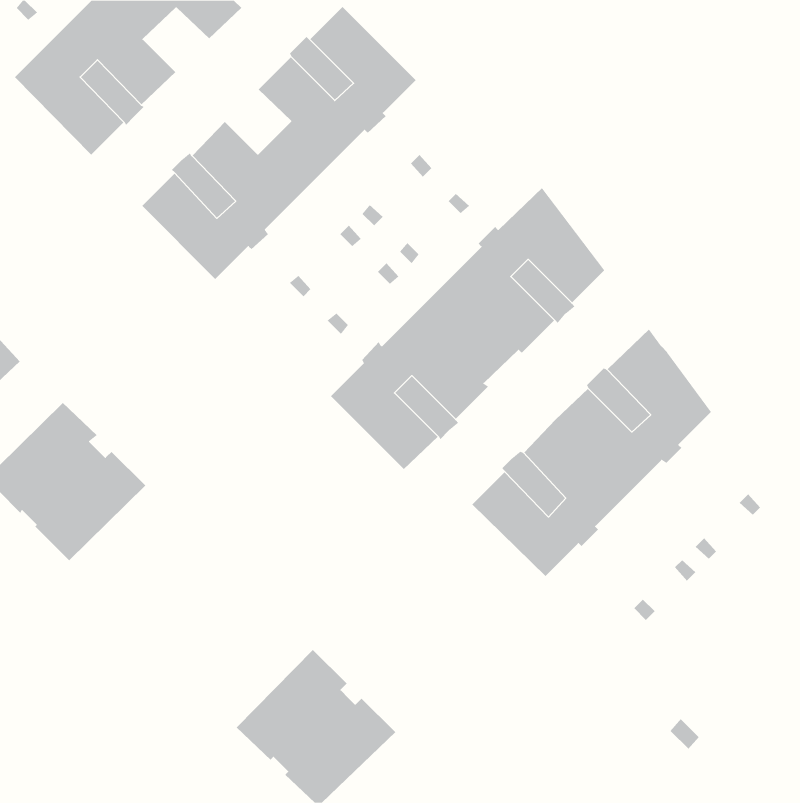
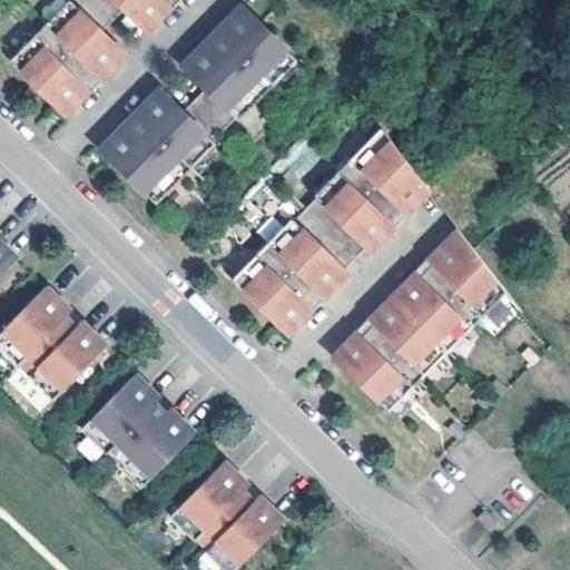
building: none -> [78,372,193,485]

